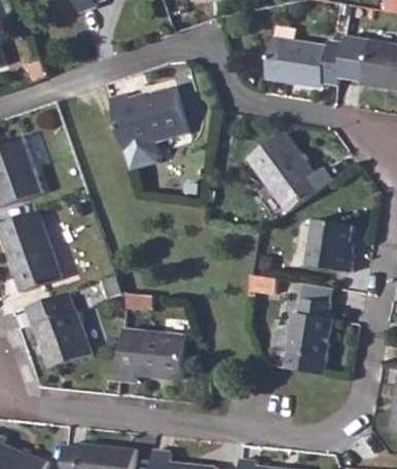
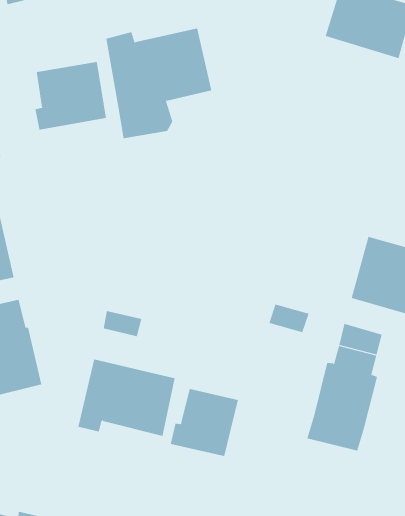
building: none -> [35,61,106,130]
building: [248,132,329,211] -> none
building: none -> [170,388,238,457]

